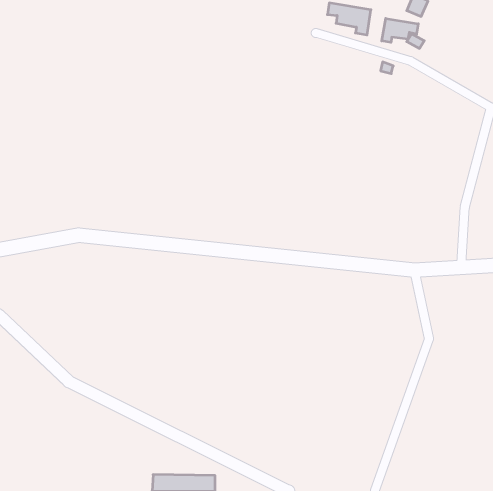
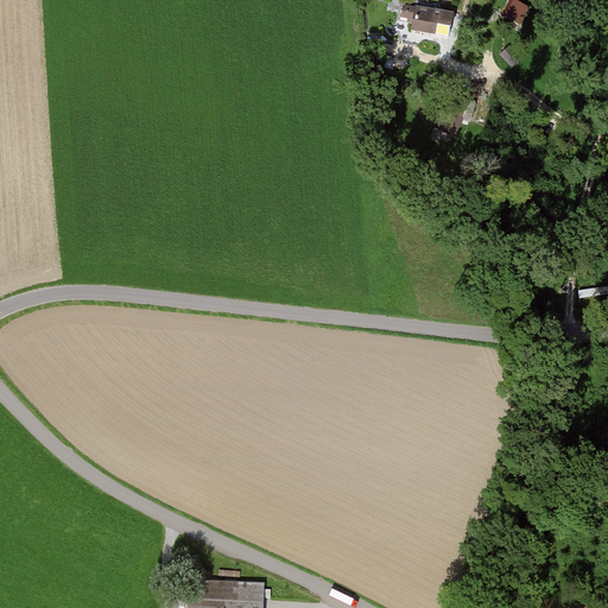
building: [382,18,418,42] -> none

